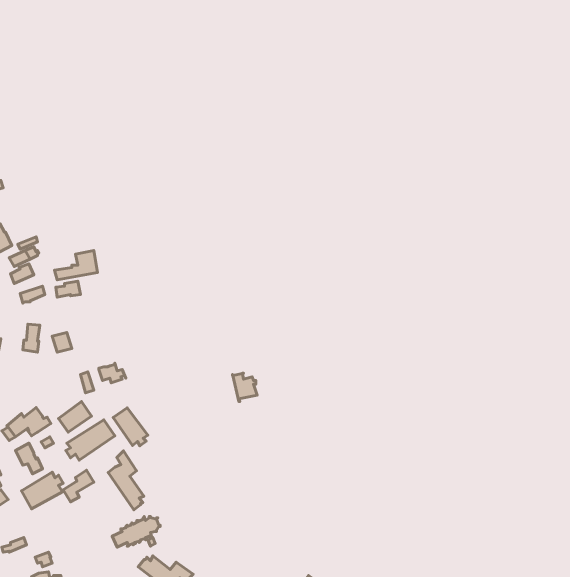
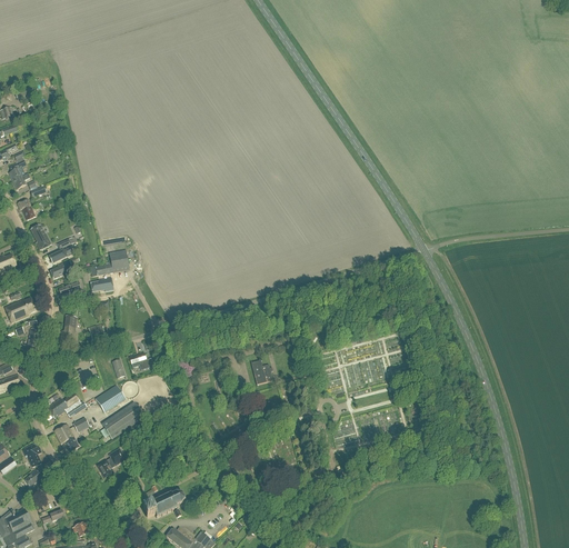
building: [113,408,148,446] -> none
building: [108,451,144,510] -> none
building: [22,472,63,509] -> none

